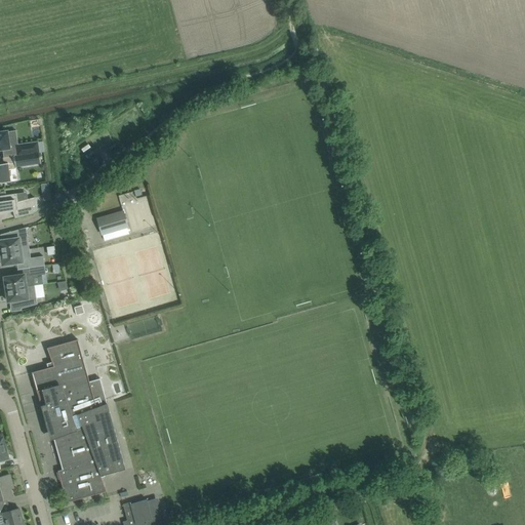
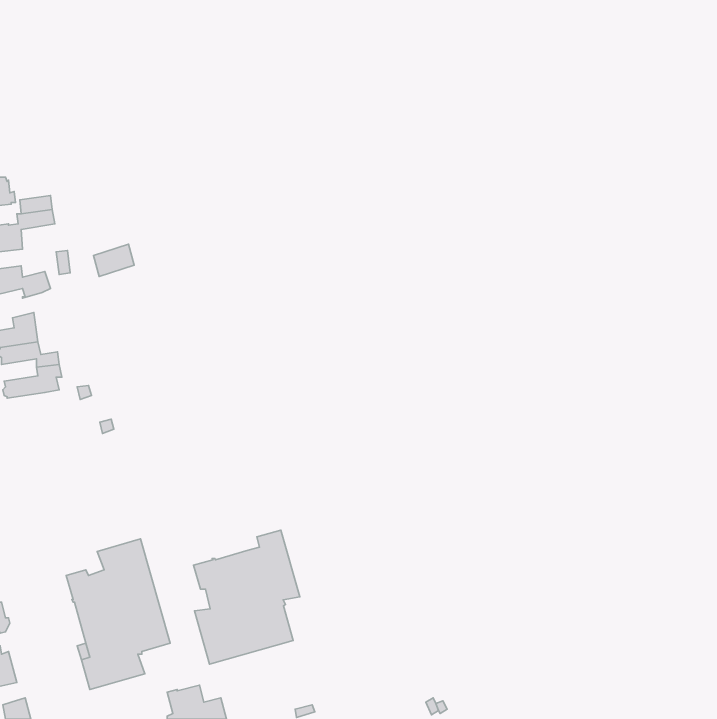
building: [96,211,126,235] -> [93,244,134,276]
building: [4,286,36,309] -> none
building: [31,339,103,420] -> none
building: none -> [194,530,300,664]

